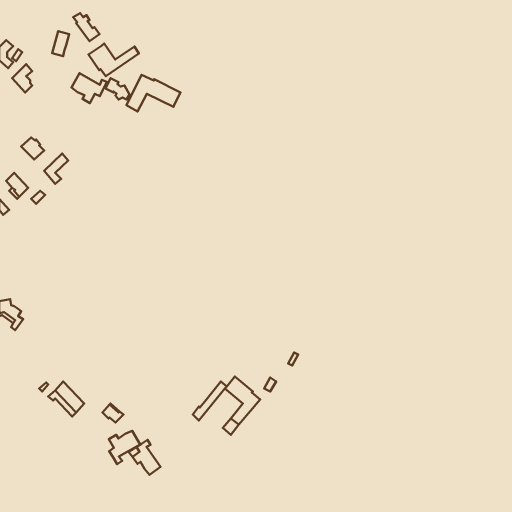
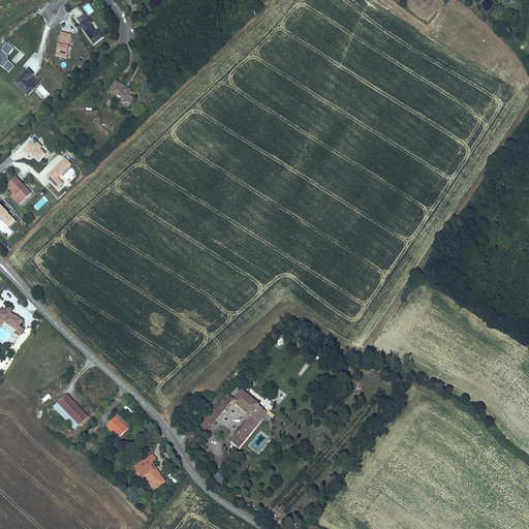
building: [88,44,139,76] -> none
building: [71,73,107,103] -> none
building: [127,75,181,111] -> none
building: [109,431,140,464] -> none

